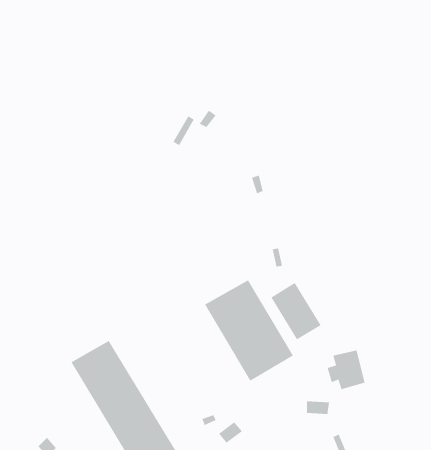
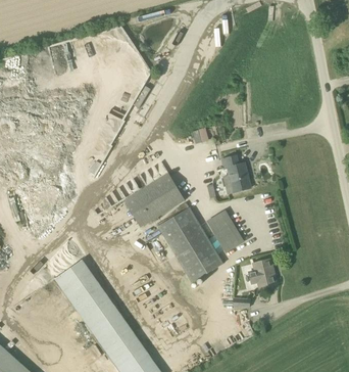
building: none -> [220,157,249,195]
building: none -> [122,174,183,228]

